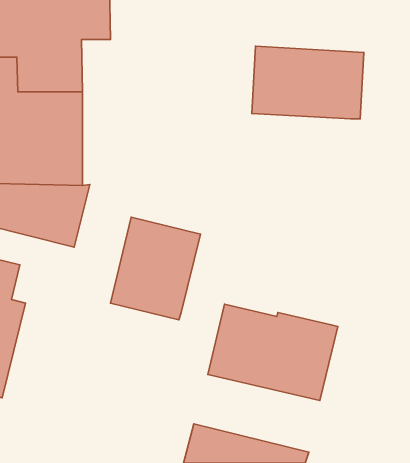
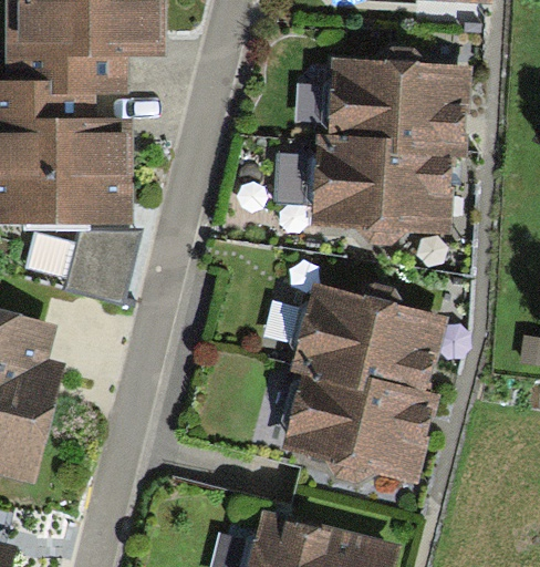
building: none -> [311,143,448,228]
building: [110,217,201,320] -> none
building: none -> [292,284,444,394]

